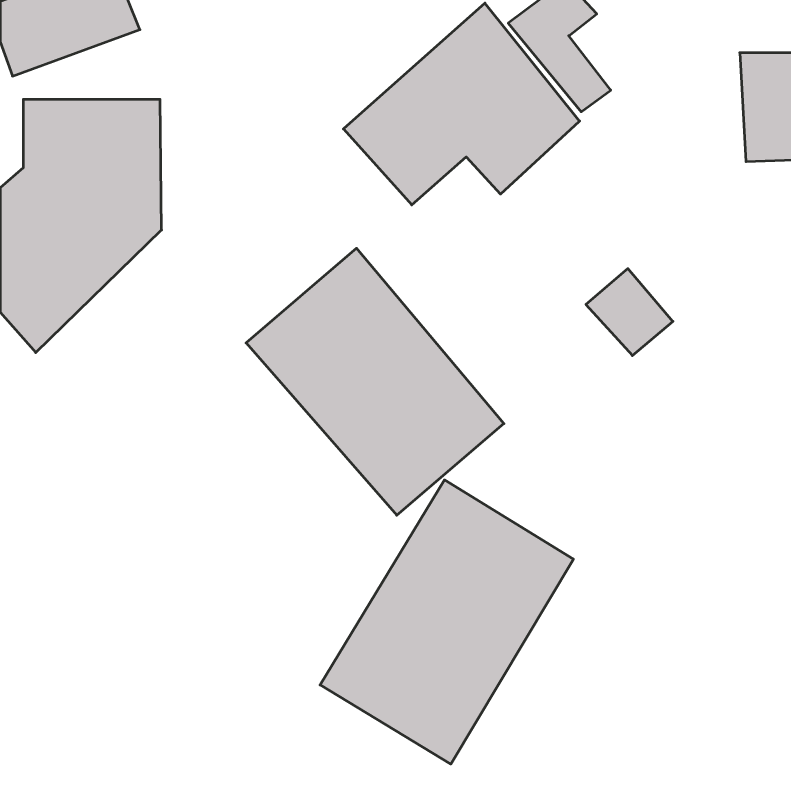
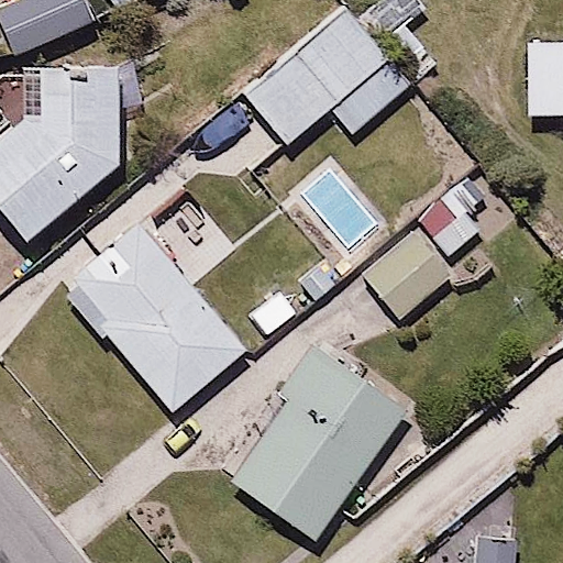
building: [246,248,504,515] -> [63,223,245,412]
building: none -> [362,231,446,318]

